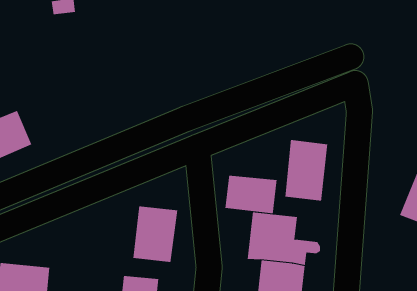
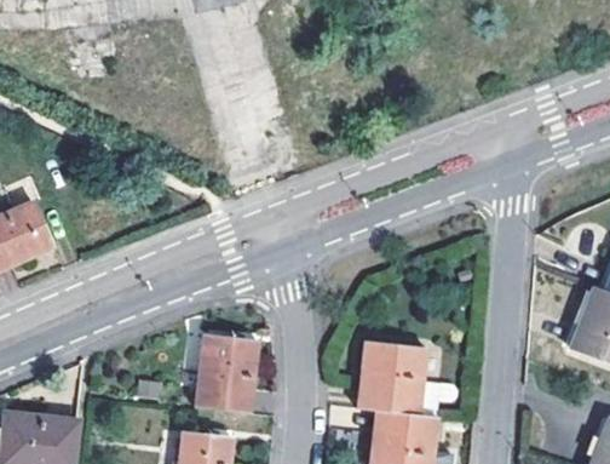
building: [285,139,328,201] -> none
building: [225,175,277,214] -> none

